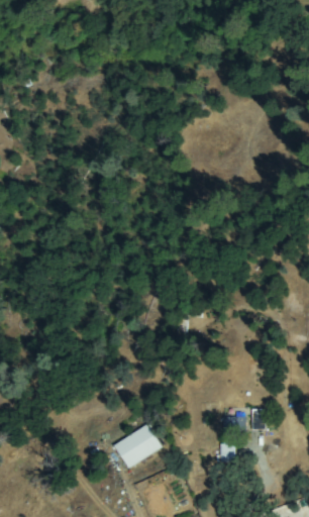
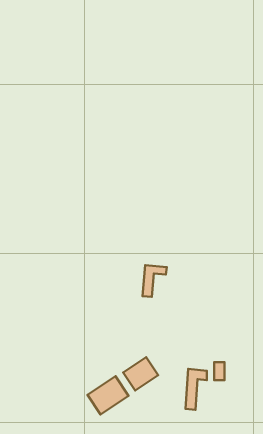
building: none -> [123,357,158,391]

